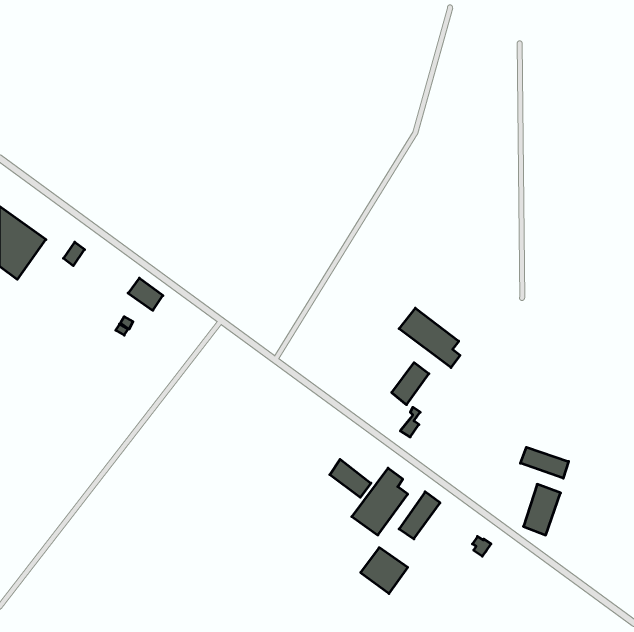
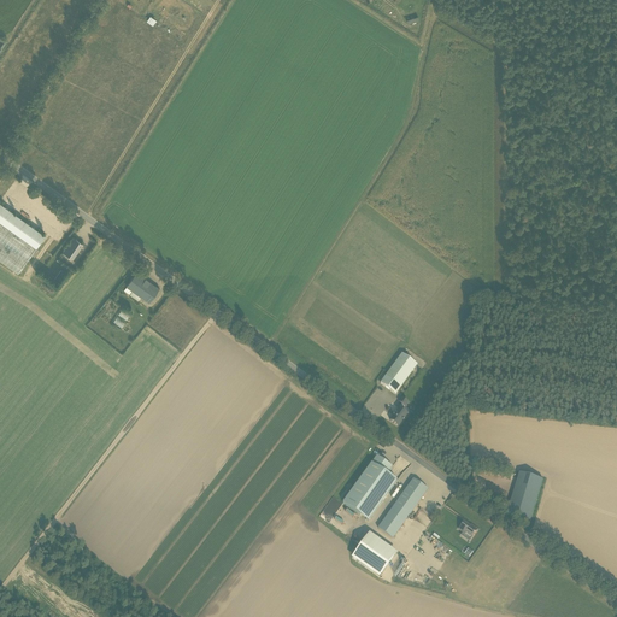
building: [399,308,460,368] -> none
building: [520,447,569,478] -> none
building: [330,459,371,497] -> none

